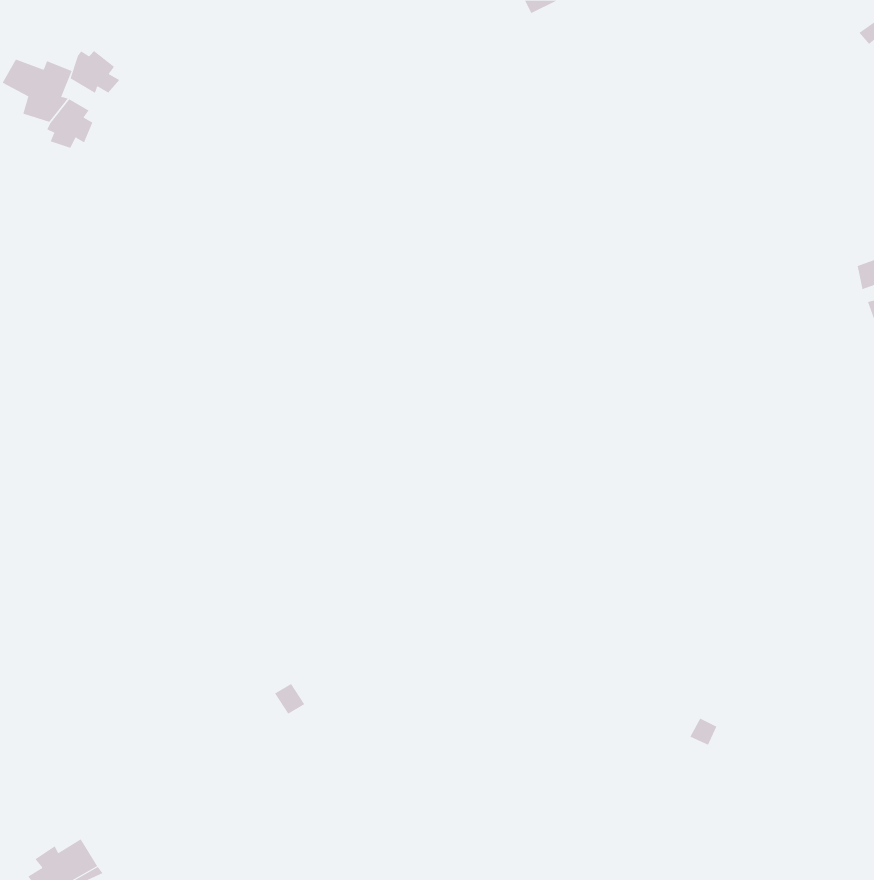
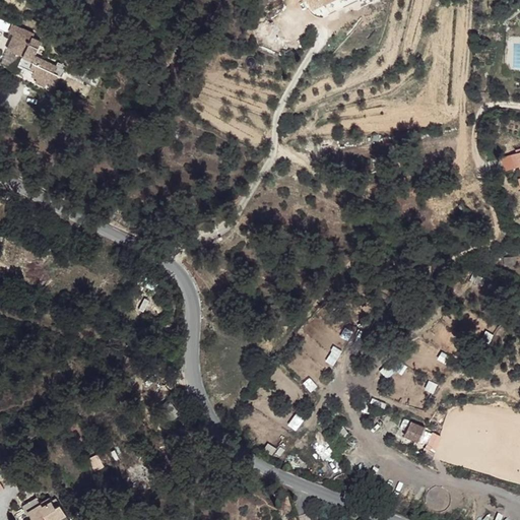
building: [70,50,120,94] -> none

